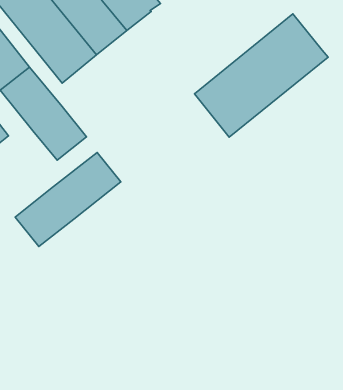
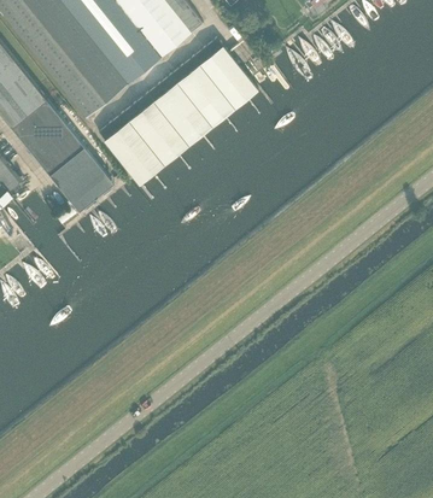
building: [195,14,328,137] -> [99,39,258,186]
building: [15,152,121,246] -> none

